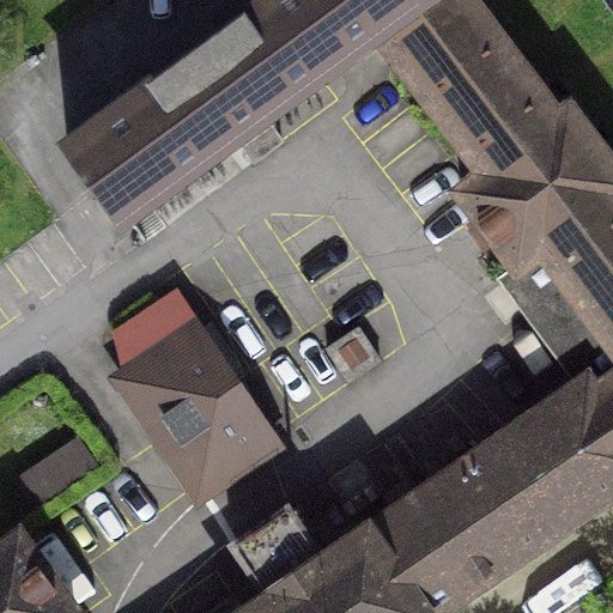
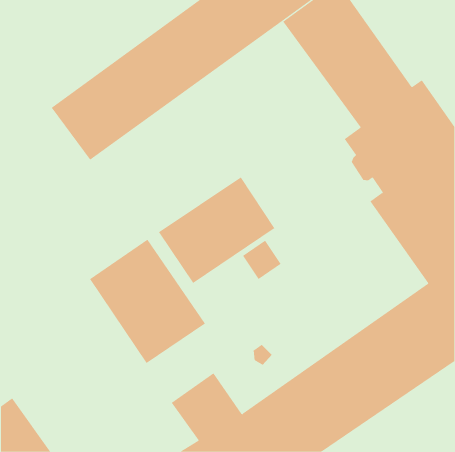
building: none -> [158,177,275,284]

